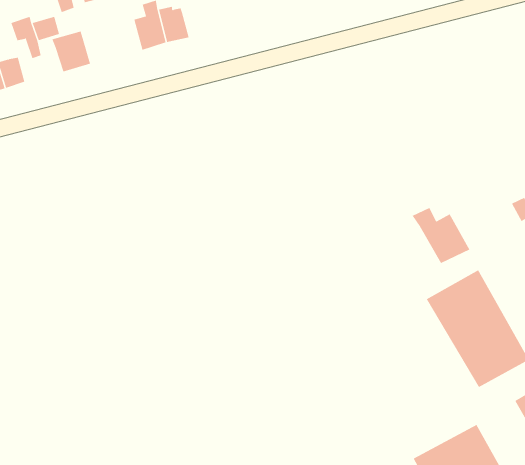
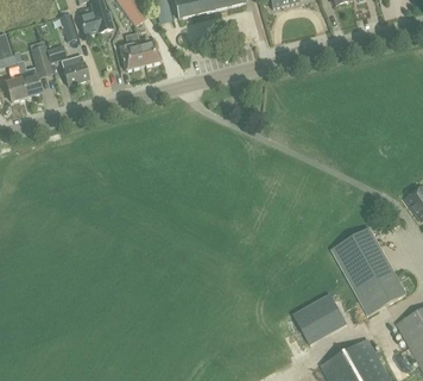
building: [412,207,470,264] -> none
building: none -> [292,293,346,342]

